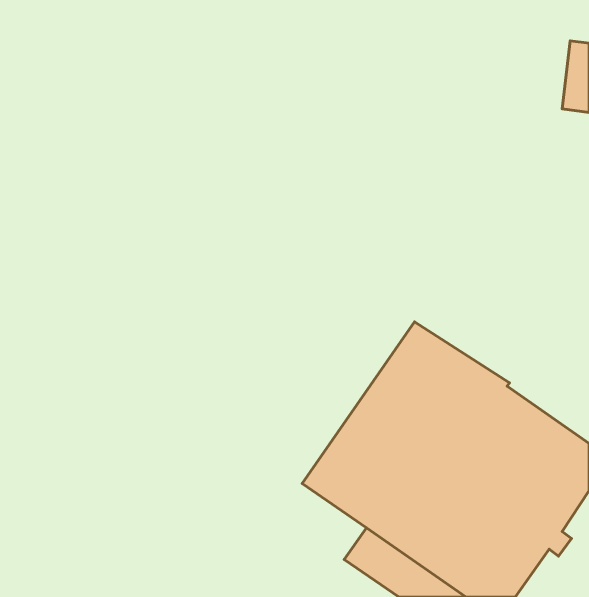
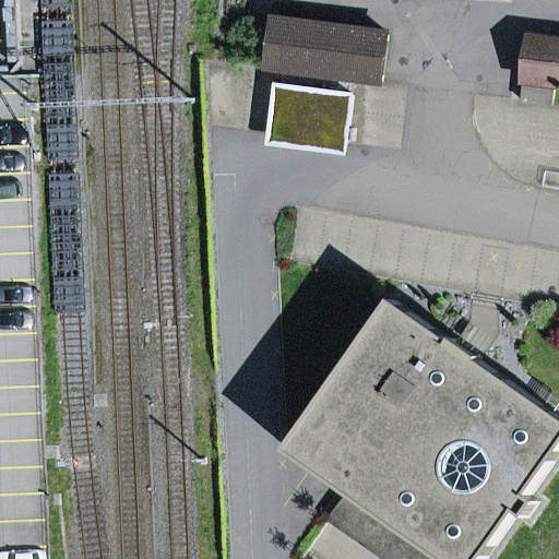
building: none -> [261,21,381,83]
building: none -> [264,85,346,144]

